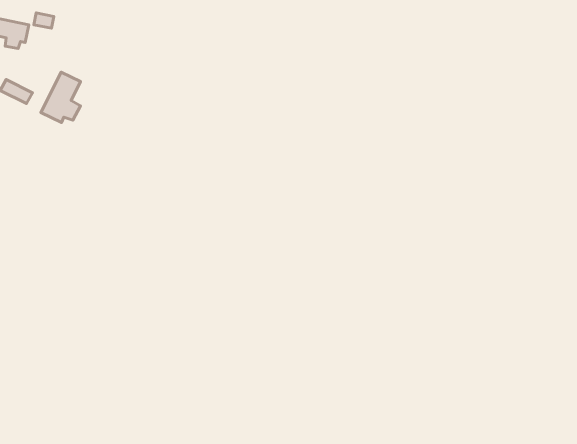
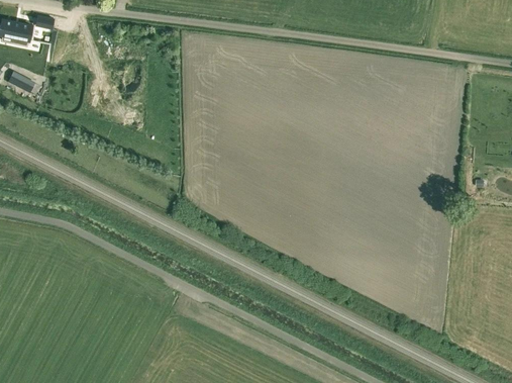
building: [41,72,80,123] -> none

